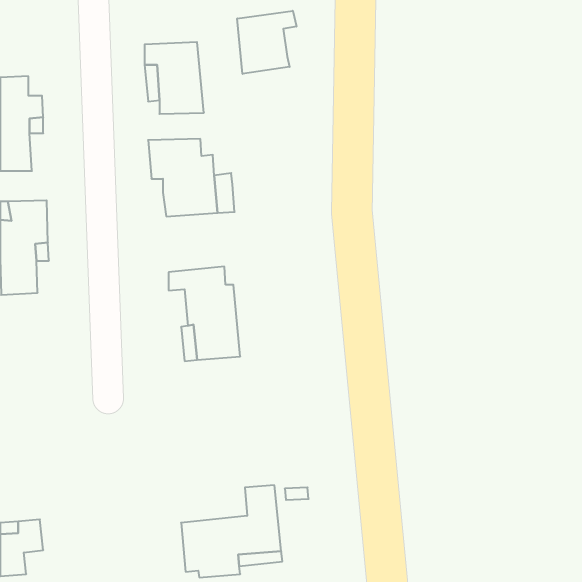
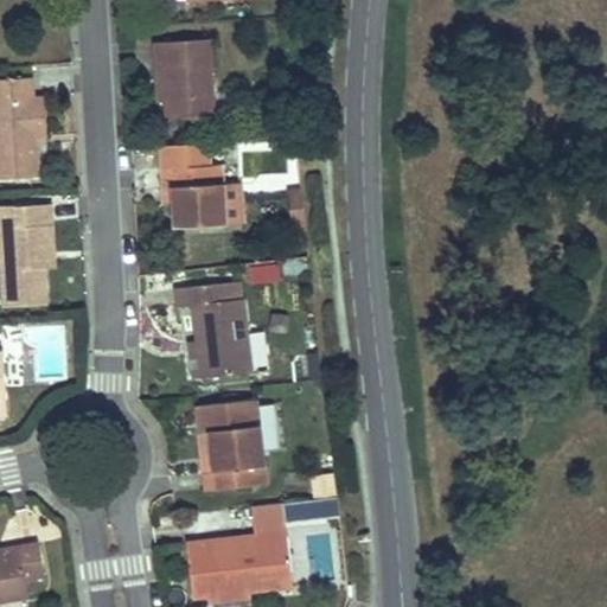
building: [237,11,296,74] -> none
building: none -> [199,398,266,493]

